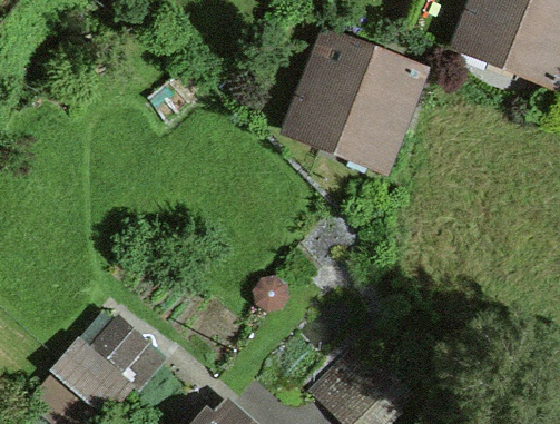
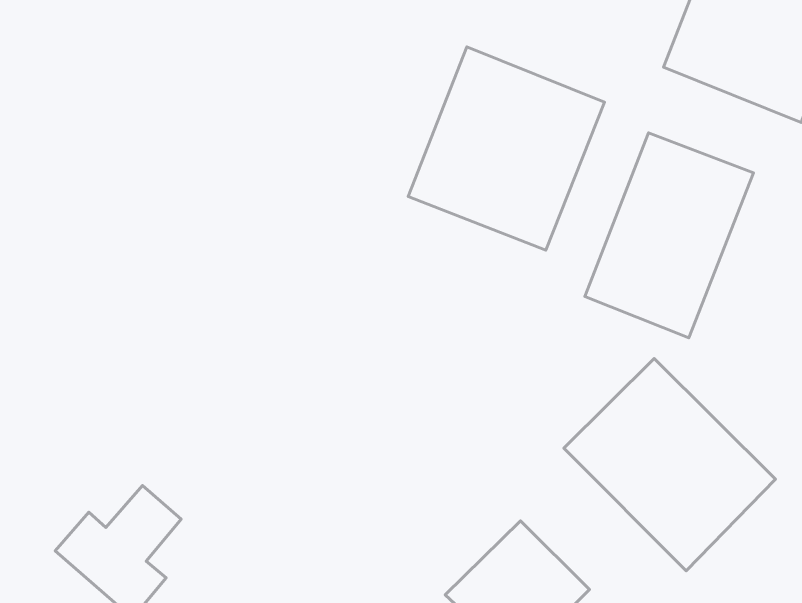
building: none -> [585,133,754,338]
building: none -> [564,359,776,571]

